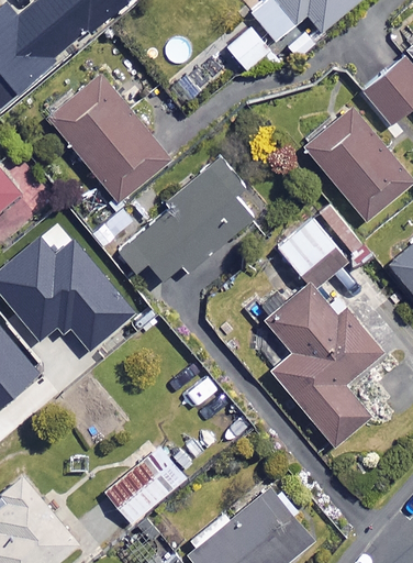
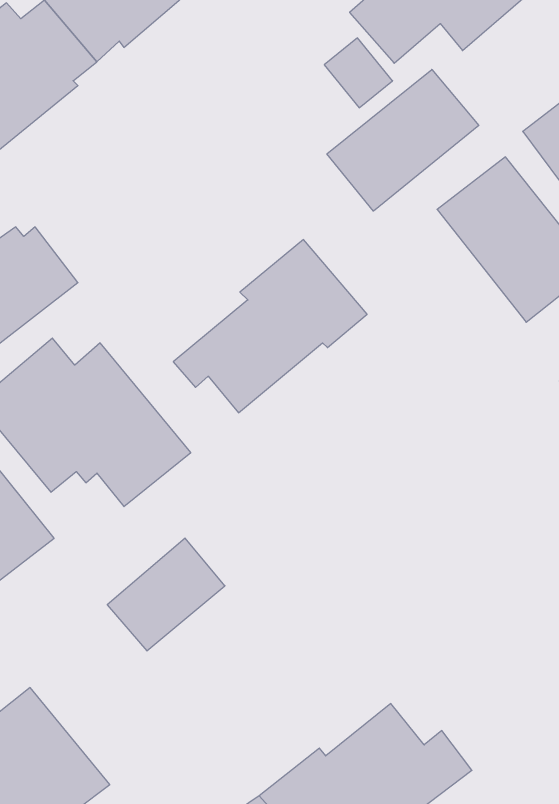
building: none -> [327,69,479,211]
building: [49,76,169,202] -> none
building: [275,213,336,275] -> none
building: [265,286,381,448] -> none
building: [103,444,185,522] -> [107,538,225,651]

